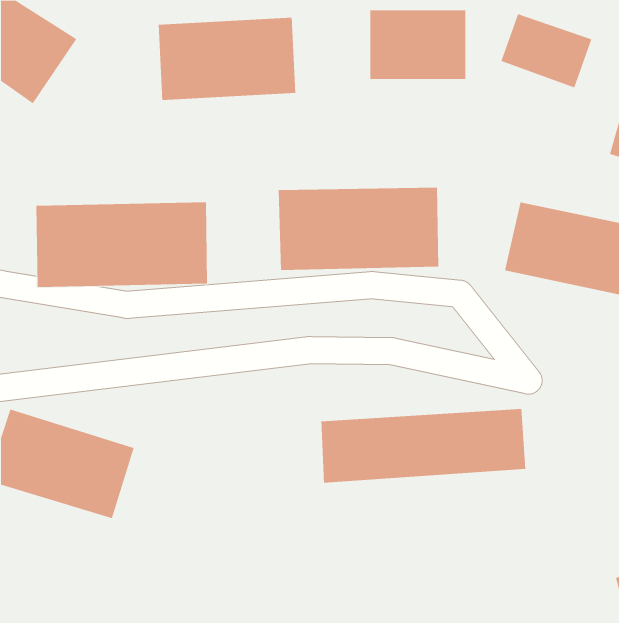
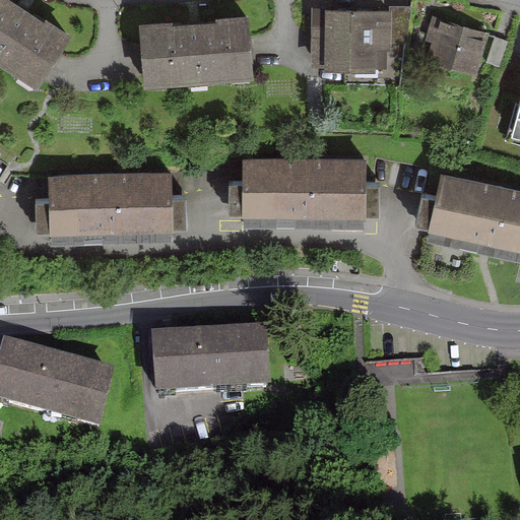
building: none -> [150,334,265,401]
building: [321,408,526,483] -> none

